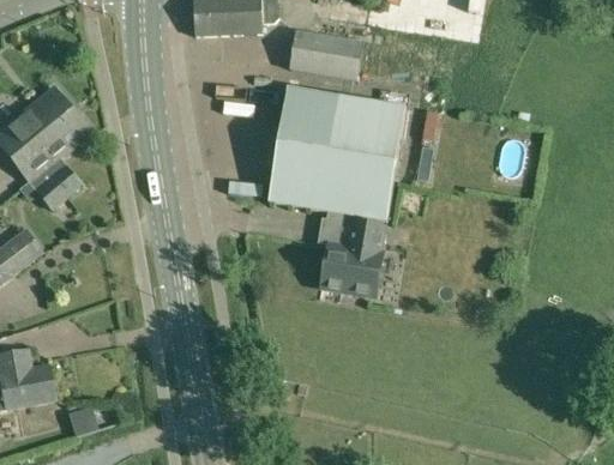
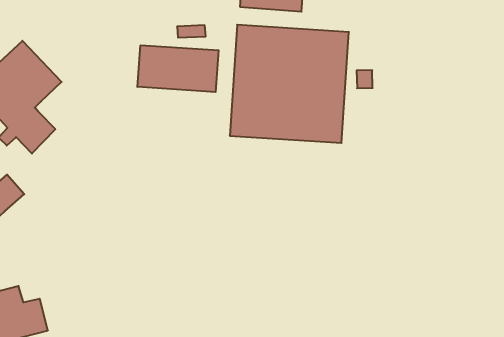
building: none -> [137,45,219,92]
building: [320,221,381,295] -> none

